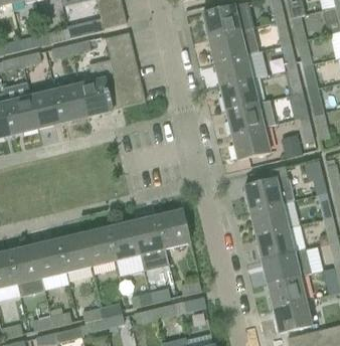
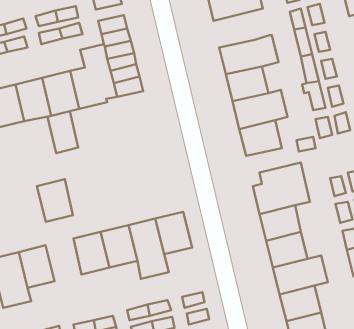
building: [208,26,259,61] -> none
building: none -> [48,111,78,153]
building: [57,233,90,272] -> [37,179,73,222]

